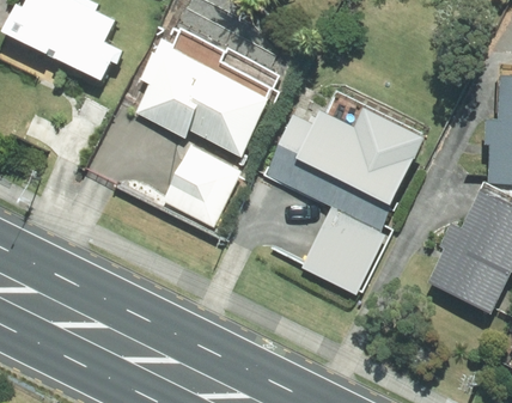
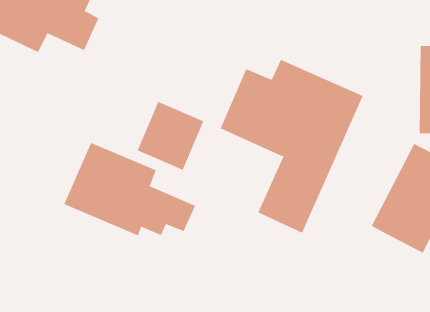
building: [126,30,273,157] -> none
building: none -> [64,142,196,236]

